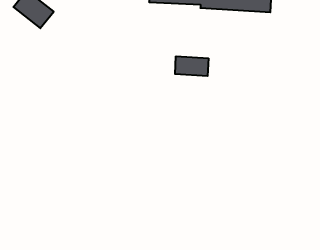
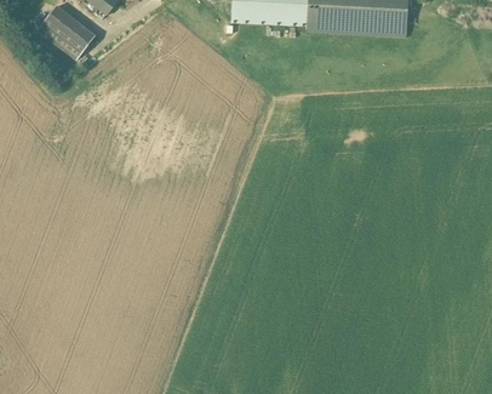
building: [175,56,208,76] -> none

